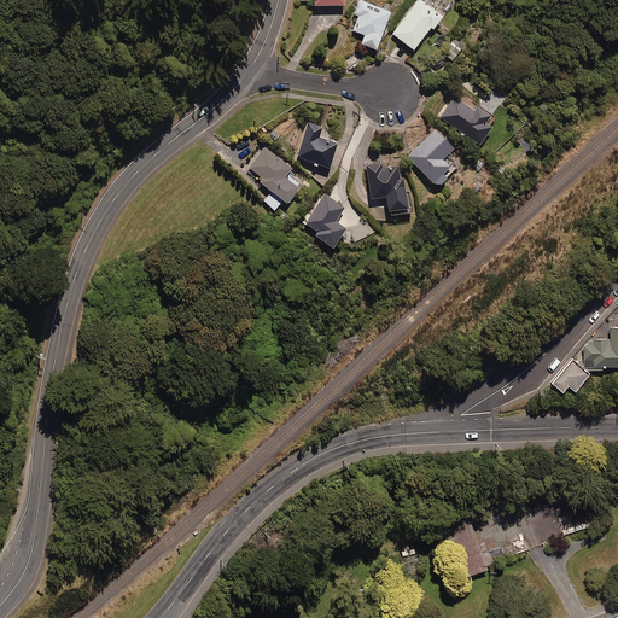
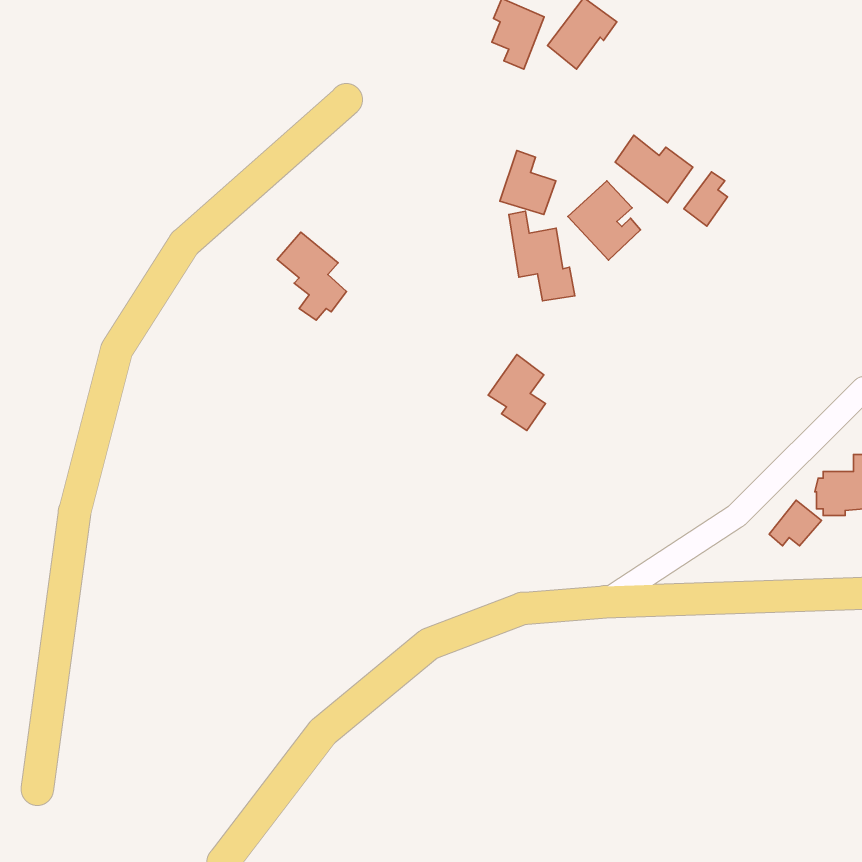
building: [297,121,337,167] -> [500,150,556,215]
building: none -> [684,172,728,226]
building: [247,146,297,209] -> [277,232,346,320]
building: [304,193,345,247] -> [488,355,545,431]

